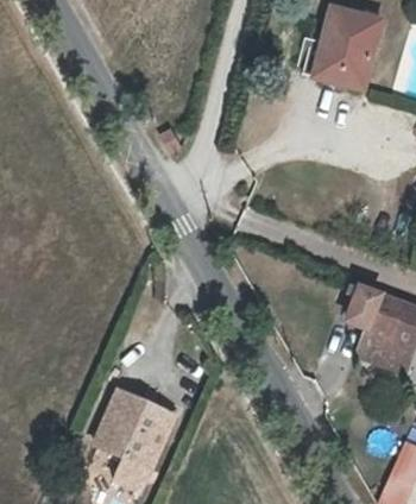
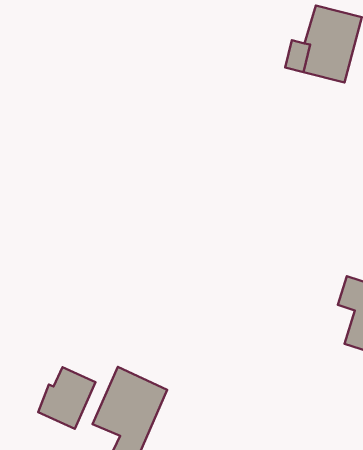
building: none -> [38,367,95,429]

